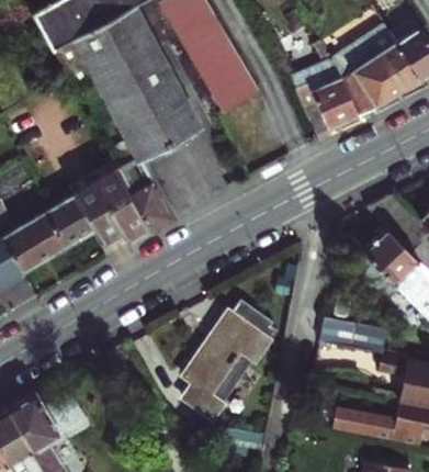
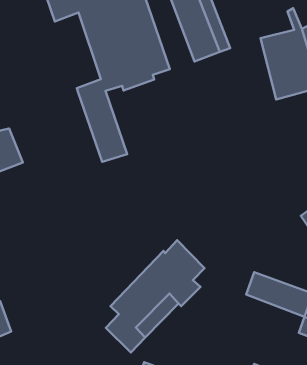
building: [47,164,148,247] -> none

